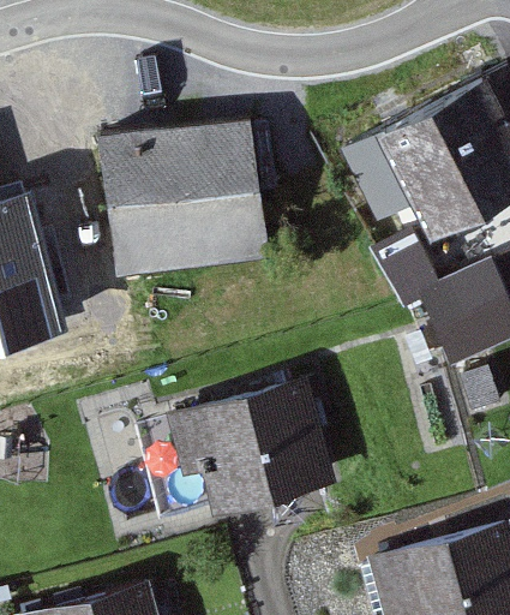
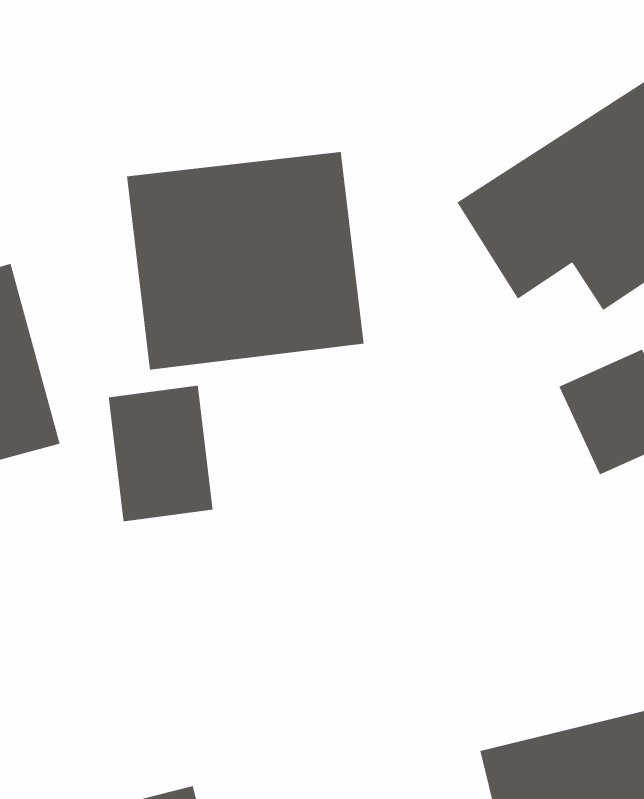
building: none -> [108,385,213,522]
building: [184,374,342,519] -> none

